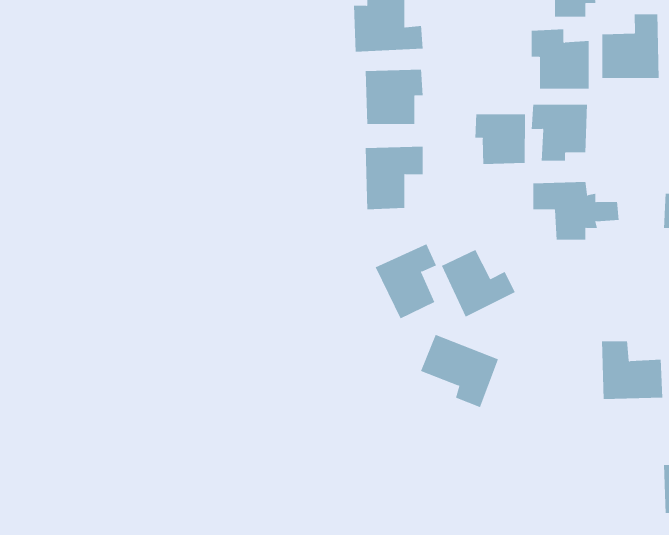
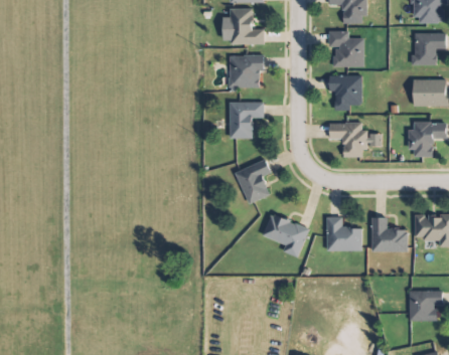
building: [602,14,659,79] -> none
building: [475,114,525,165] -> none
building: [441,249,515,318] -> none
building: none -> [326,216,361,251]

